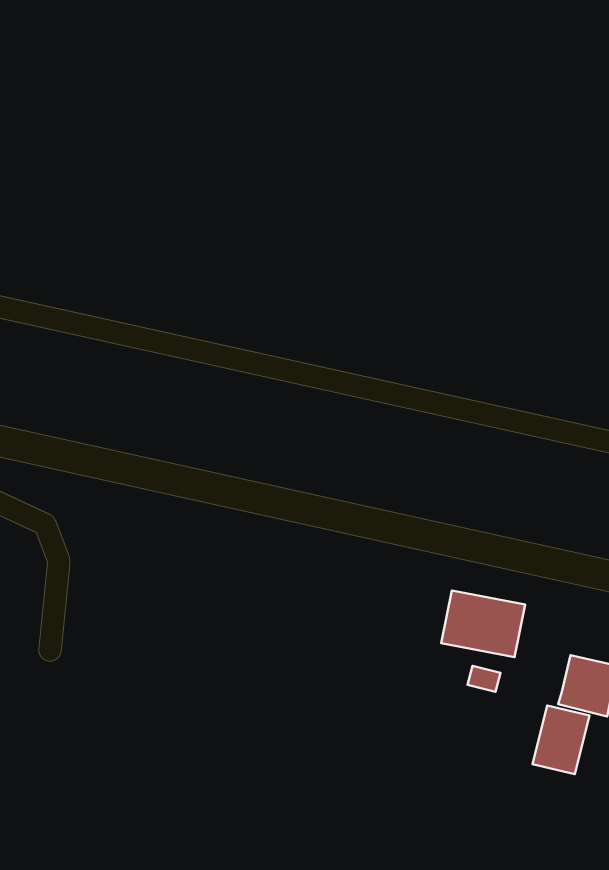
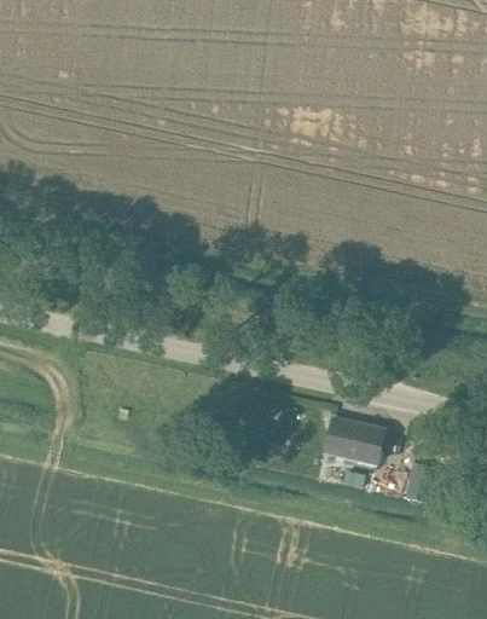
building: [533,705,590,774] -> none

